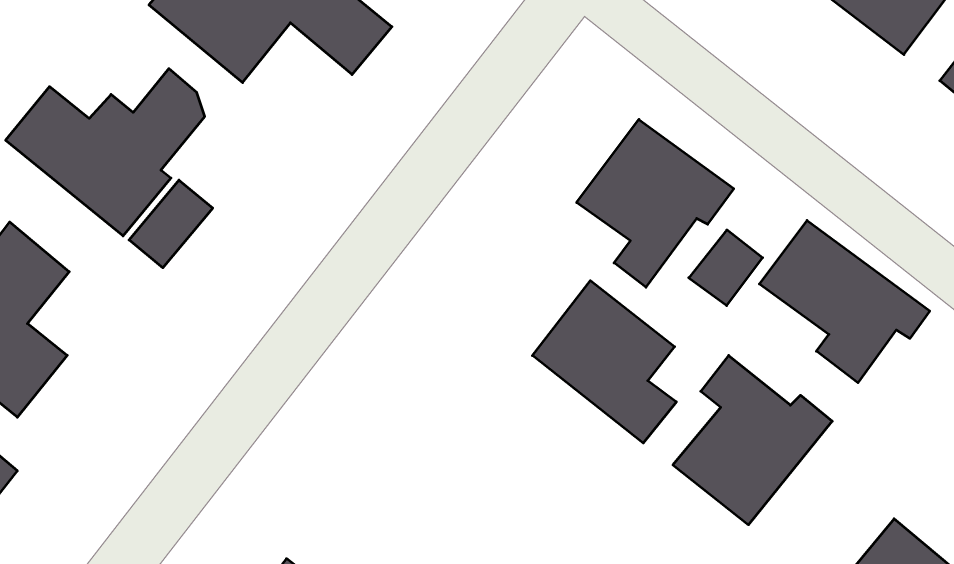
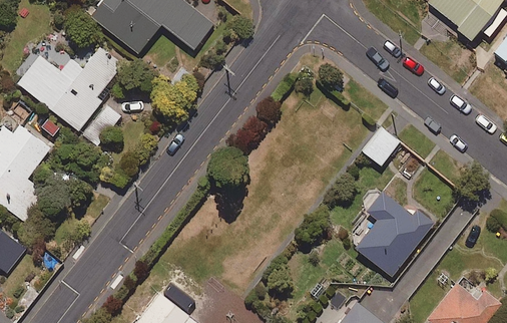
building: [577,119,734,287] -> none
building: [759,220,930,383] -> none
building: [532,281,676,443] -> none

